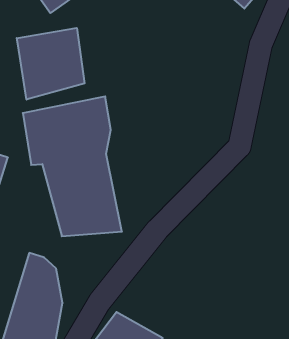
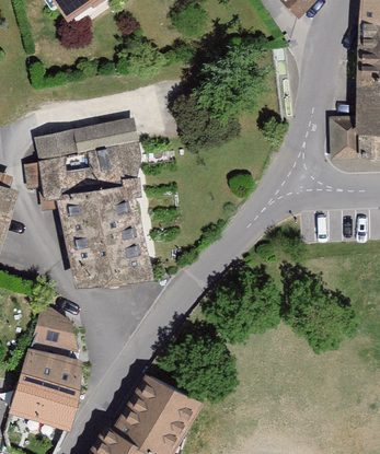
building: [17,28,85,100] -> none

